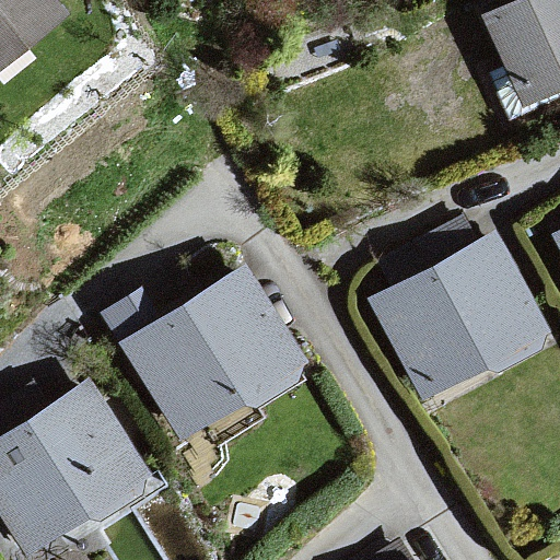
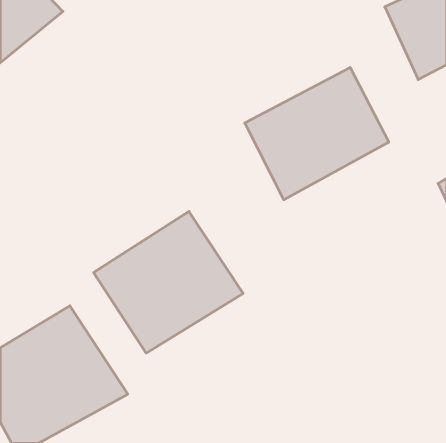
building: none -> [245,67,389,200]
building: [366,230,555,405] -> none

